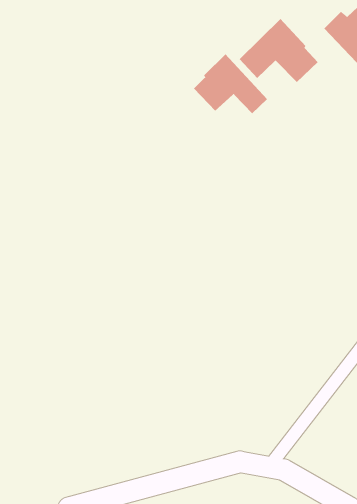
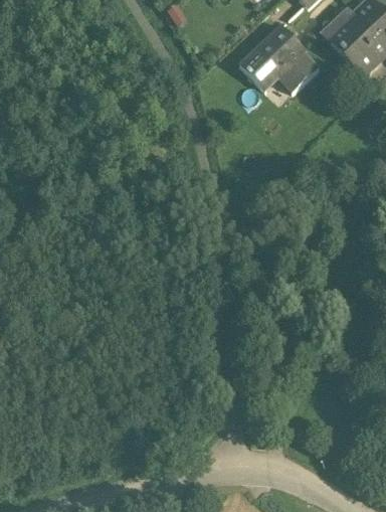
building: [193,54,268,114] -> none

